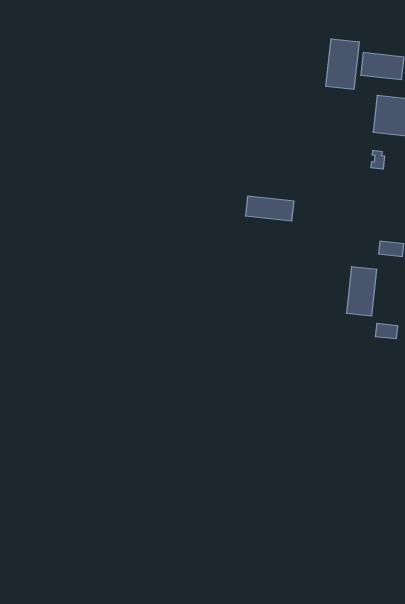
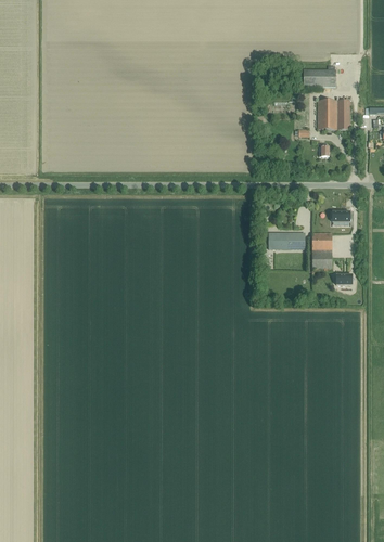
building: [326,39,359,89] -> none
building: [245,196,294,221] -> [268,232,304,247]

